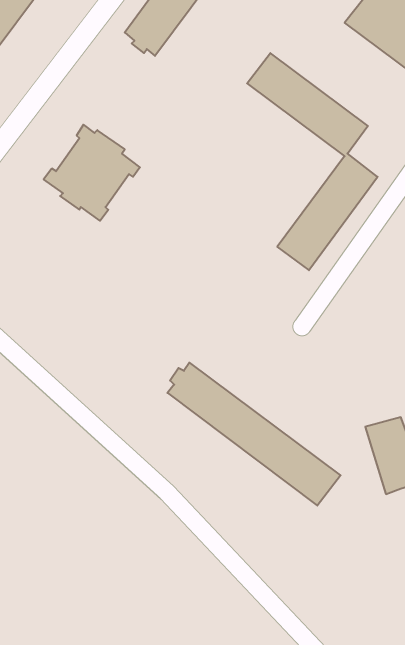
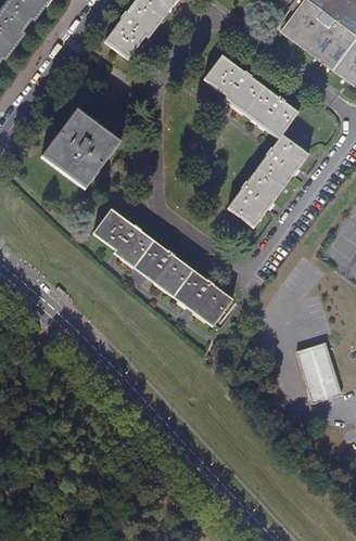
building: [167,363,341,506] -> [97,211,233,324]

